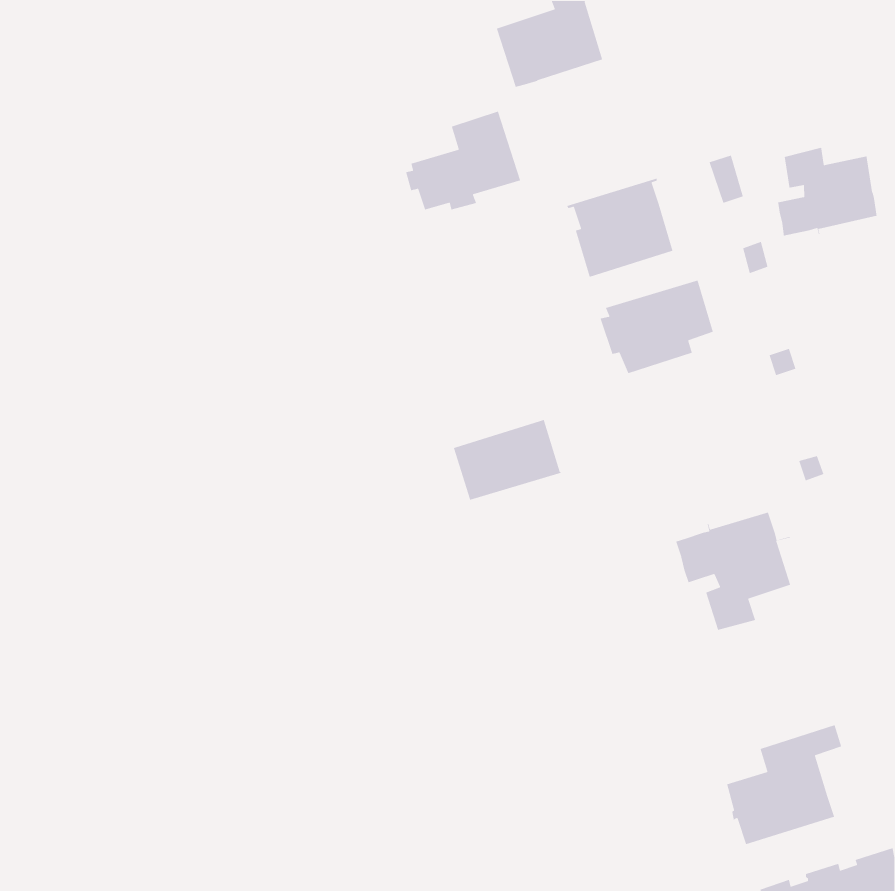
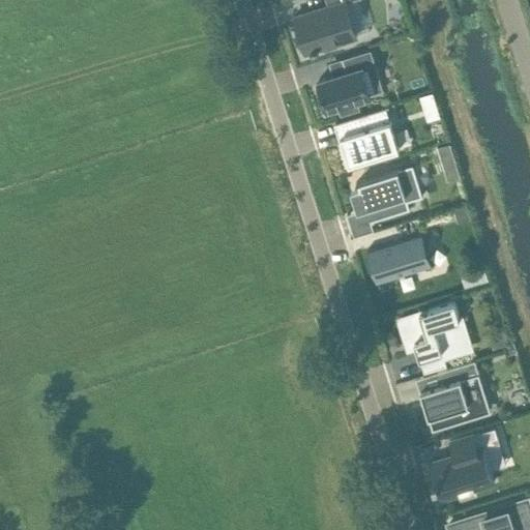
building: [405,110,521,211] -> [314,53,382,112]
building: [772,147,887,236] -> none
building: [450,419,562,501] -> [364,237,431,286]
building: none -> [419,363,482,434]

